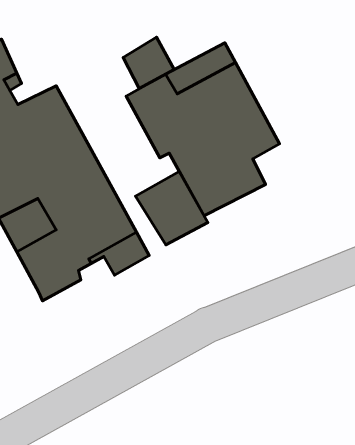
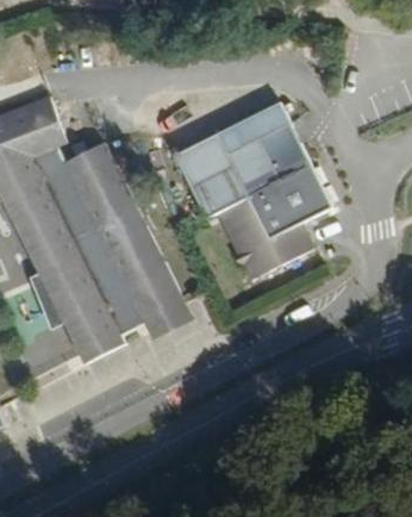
building: [123,37,174,89] -> none
building: [136,172,208,245] -> none

